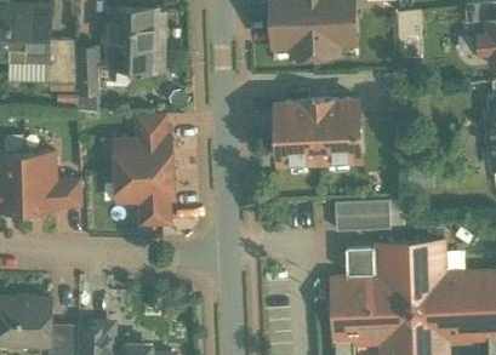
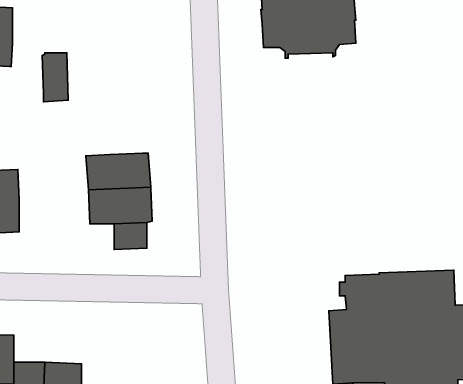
building: [108,10,163,71] -> none
building: [45,40,76,85] -> none
building: [275,99,360,161] -> none
building: [136,114,165,139] -> none
building: [55,179,81,208] -> none
building: [333,200,390,231] -> none

